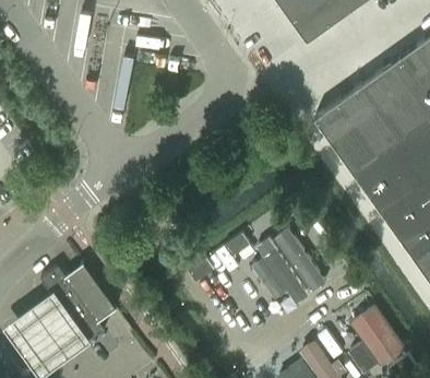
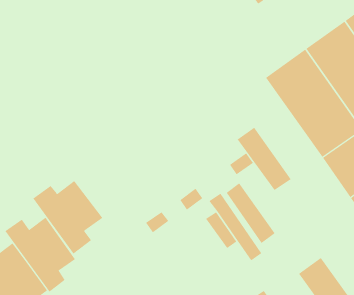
building: none -> [237,127,291,191]
building: none -> [32,180,103,254]

